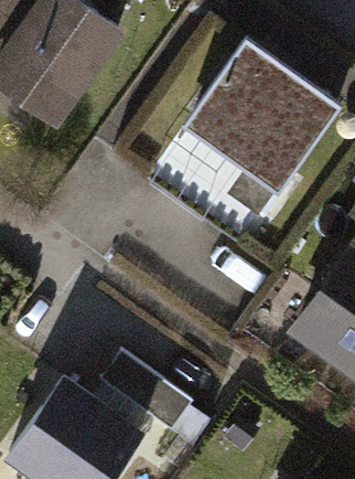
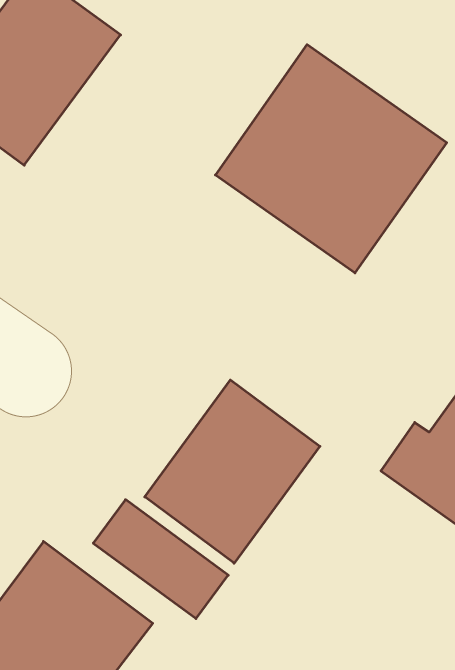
building: none -> [145,380,320,563]

